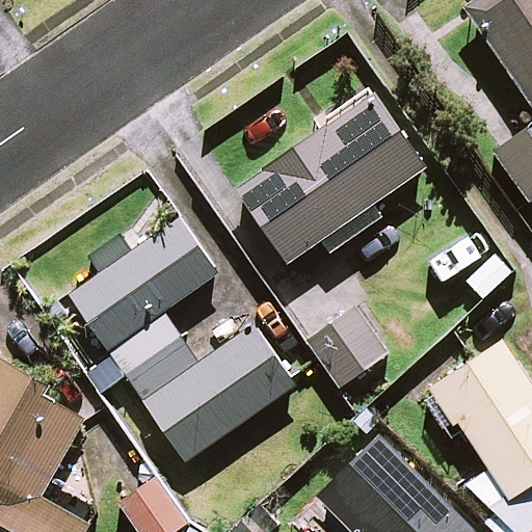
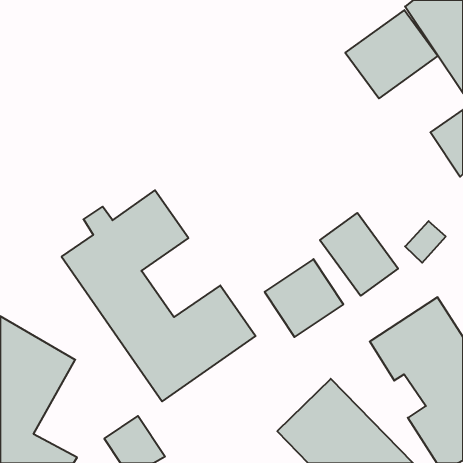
building: none -> [345,10,438,98]
building: [237,91,425,262] -> none
building: none -> [320,213,398,296]

